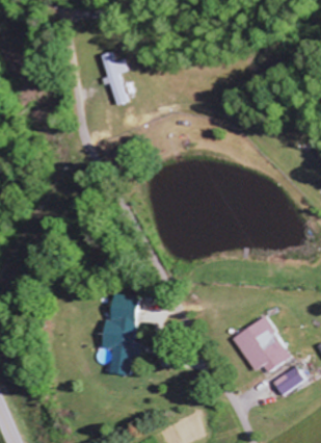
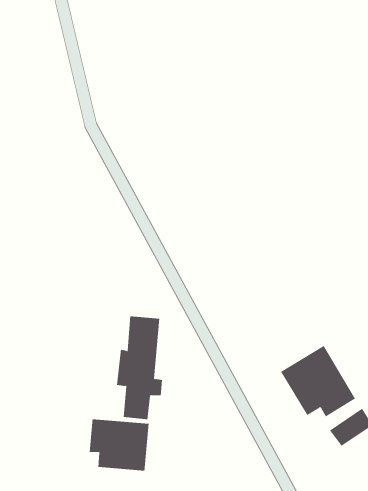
building: [100,50,129,104] -> none
building: none -> [89,419,149,472]

